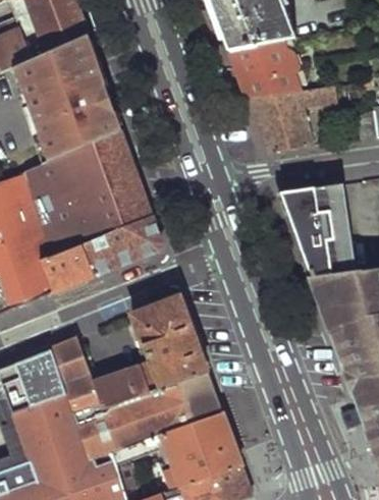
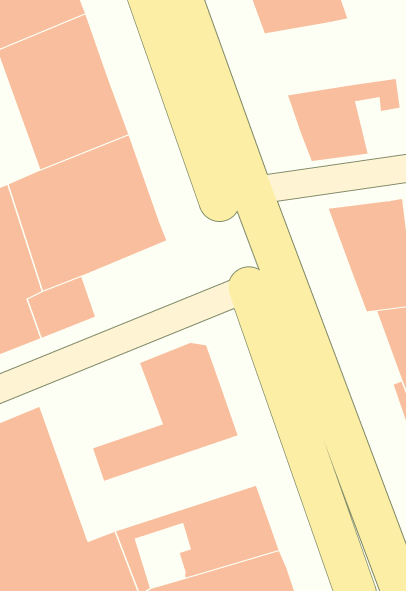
building: [230,43,301,101] -> none
building: [85,217,165,278] -> none
building: [51,338,224,457] -> none

